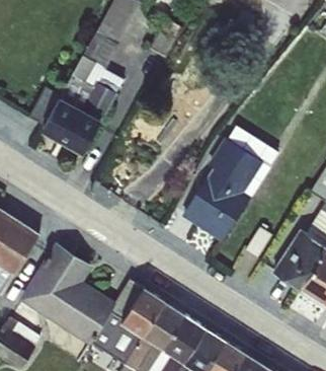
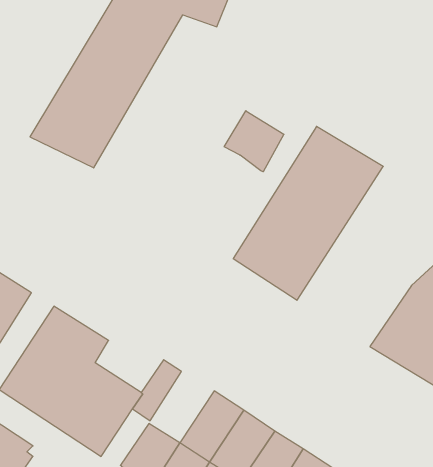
building: none -> [224,111,284,172]
building: [120,290,165,339] -> none

